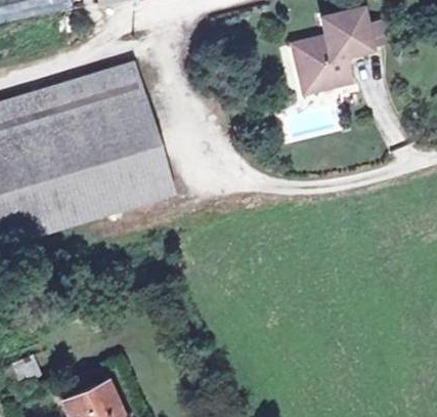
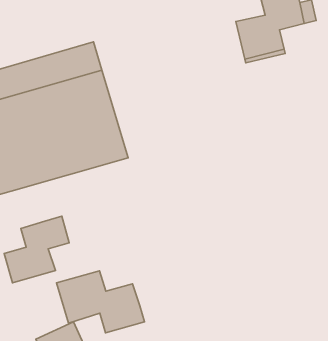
building: none -> [4,216,69,283]
building: none -> [57,271,144,333]

